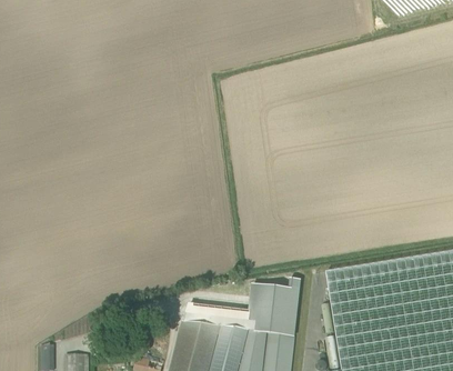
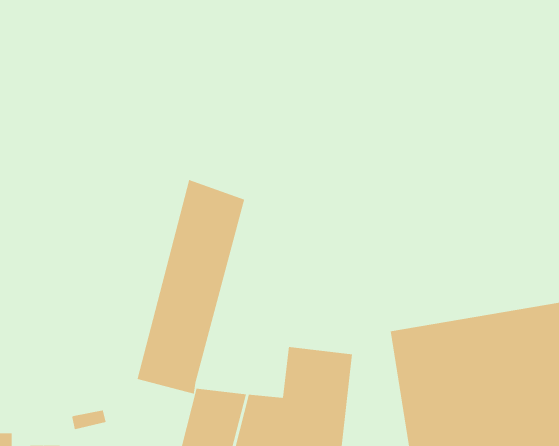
building: none -> [137,179,245,395]

